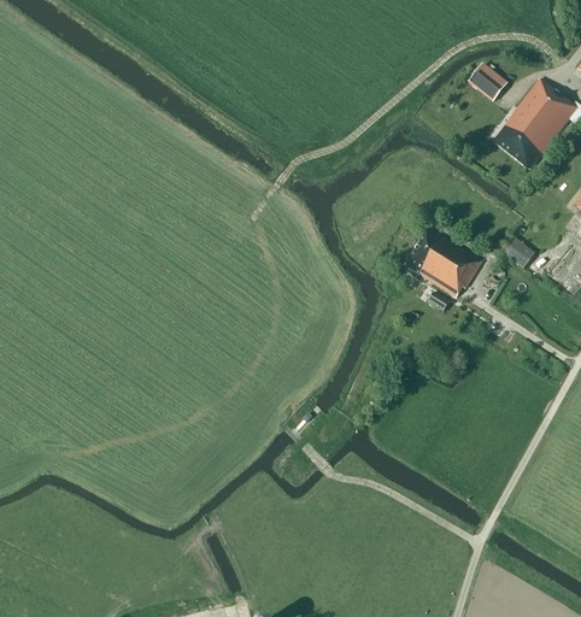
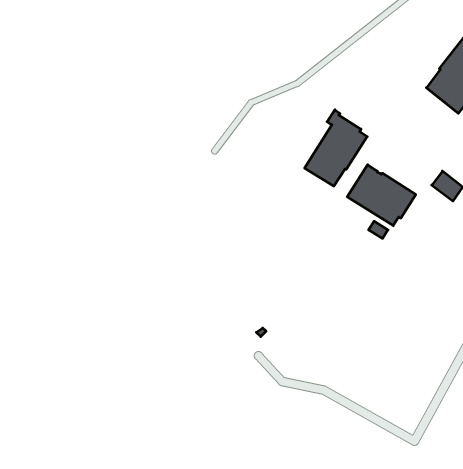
building: [468,63,509,102] -> none
building: none -> [305,110,367,186]

